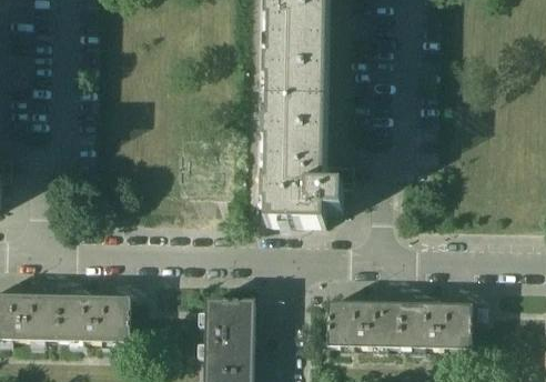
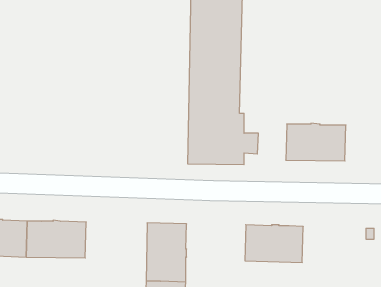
building: [400,301,474,348] -> [286,123,346,161]

